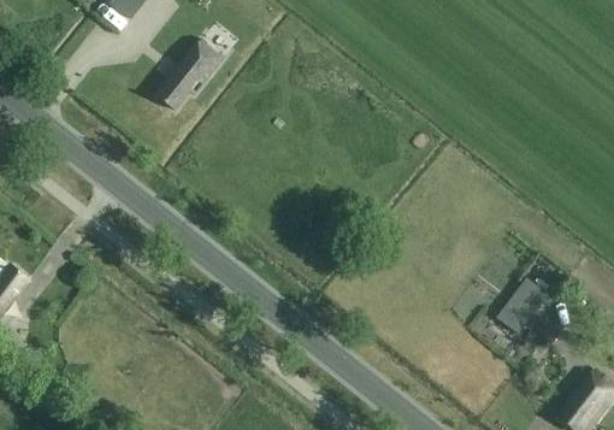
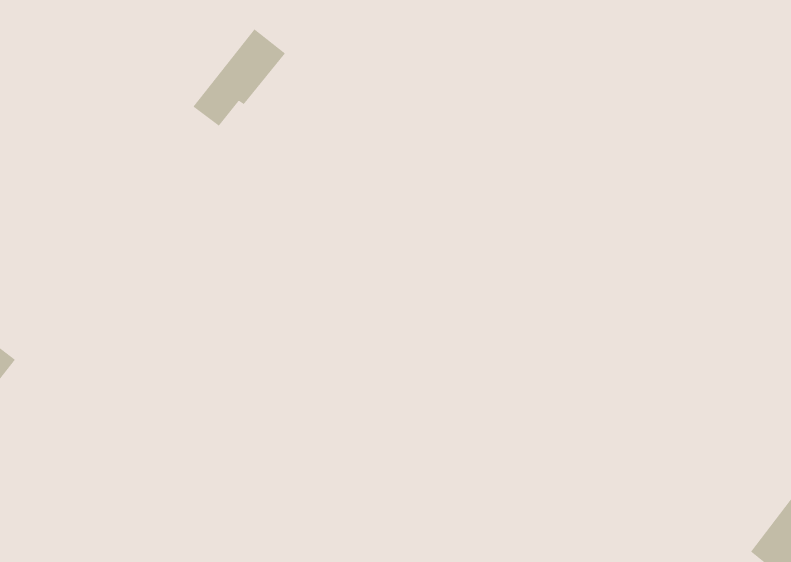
building: [492,276,545,334] -> none

